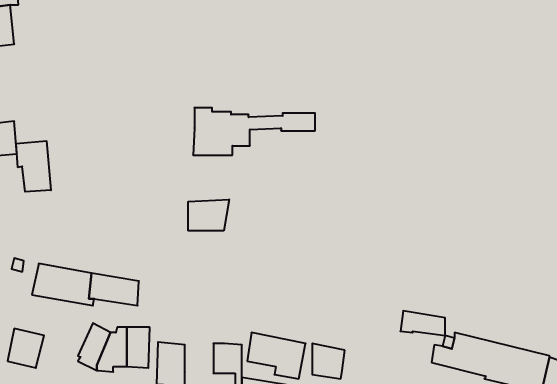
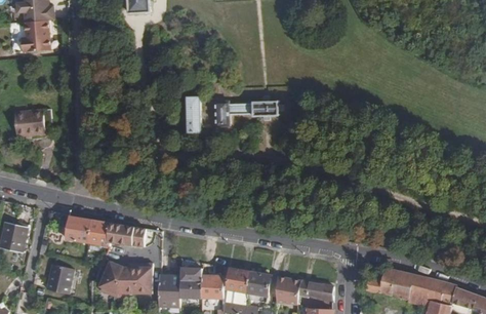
building: [16,141,51,192] -> none
building: [188,199,229,231] -> none
building: [400,311,445,335] -> [298,280,332,299]
building: none -> [179,267,201,298]

